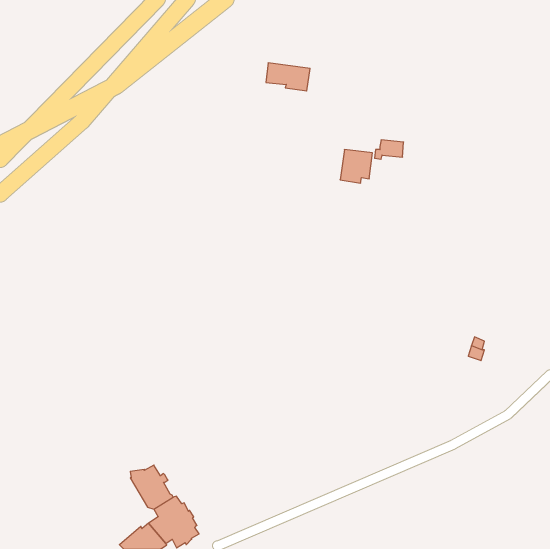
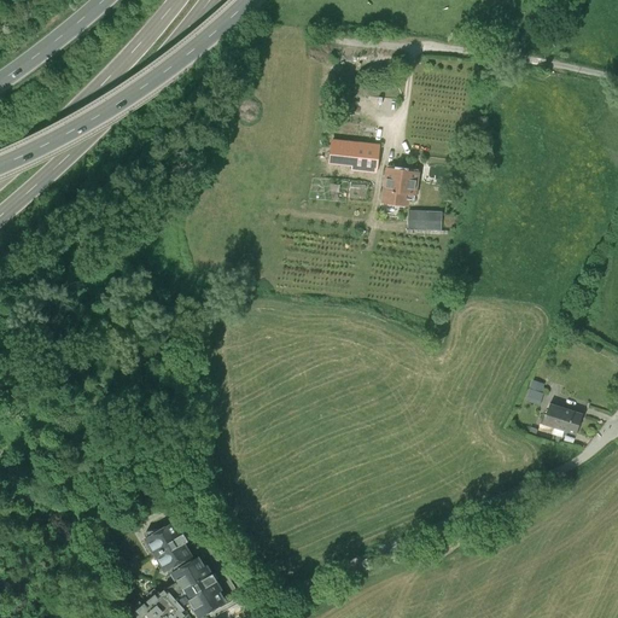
building: [266,63,310,91] -> [330,140,379,171]
building: none -> [407,211,442,229]
building: none -> [542,403,582,436]

